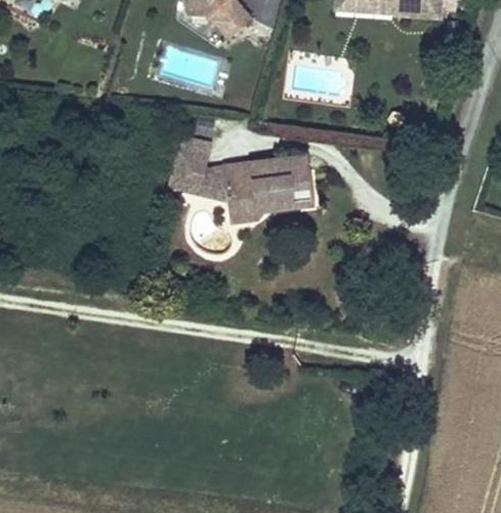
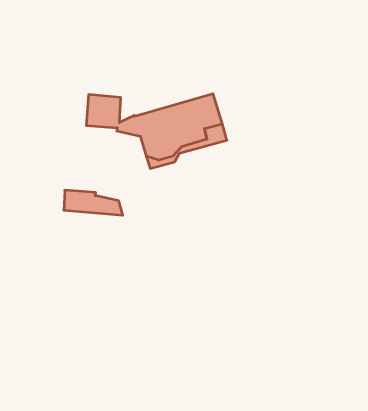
building: [169,167,229,202] -> [64,190,123,215]

